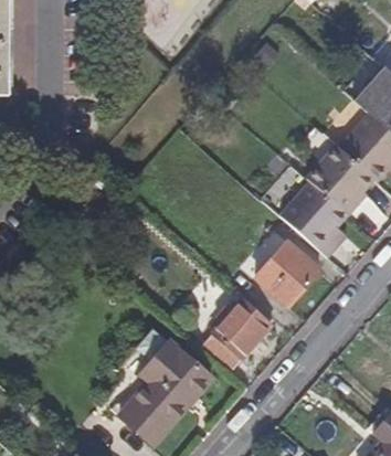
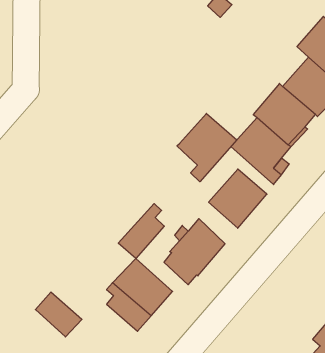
building: none -> [177,113,237,182]
building: none -> [118,204,164,258]
building: [121,393,175,444] -> [35,292,82,337]

